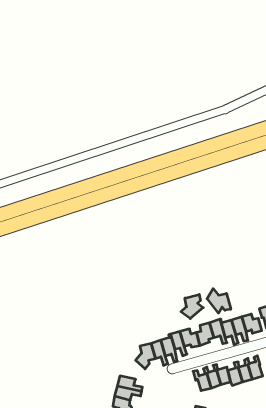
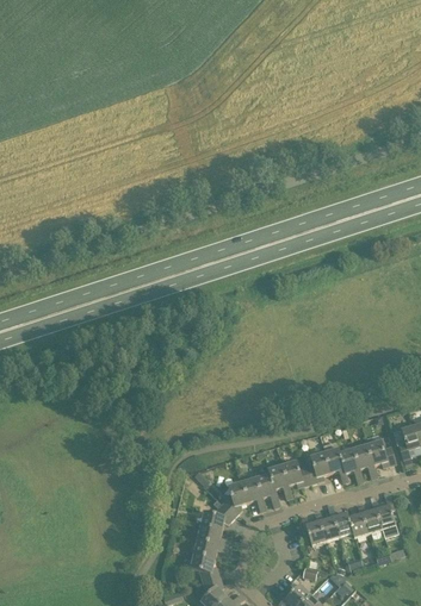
building: [207,289,231,313] -> none
building: [181,294,203,319] -> none
building: none -> [202,498,236,529]

